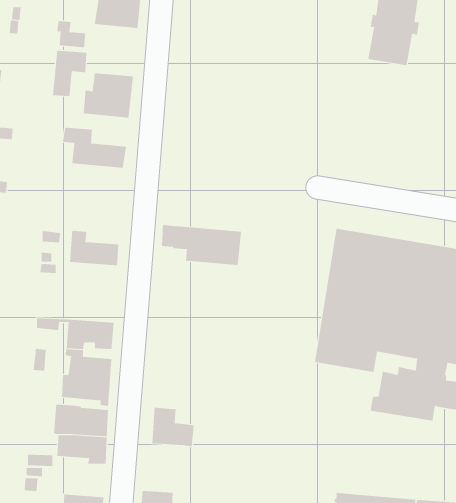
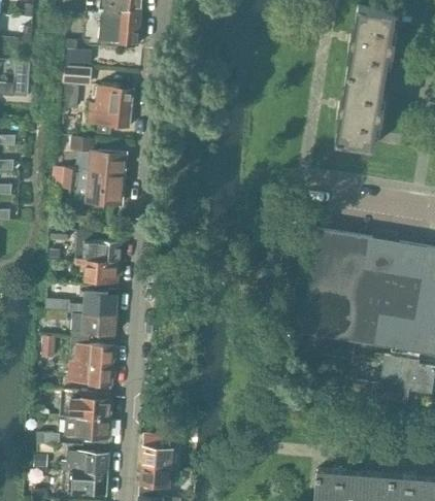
building: none -> [335,75,383,148]
building: [161,225,242,265] -> [52,168,125,205]
building: none -> [73,260,120,287]
building: none -> [45,291,118,314]
building: [152,407,195,447] -> [141,434,180,470]
building: none -> [61,452,109,473]

